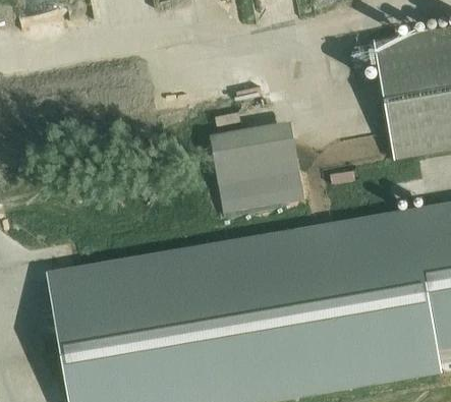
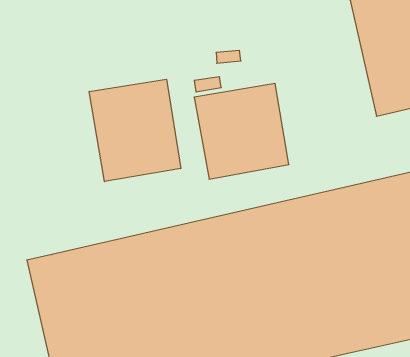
building: none -> [89,79,181,182]

